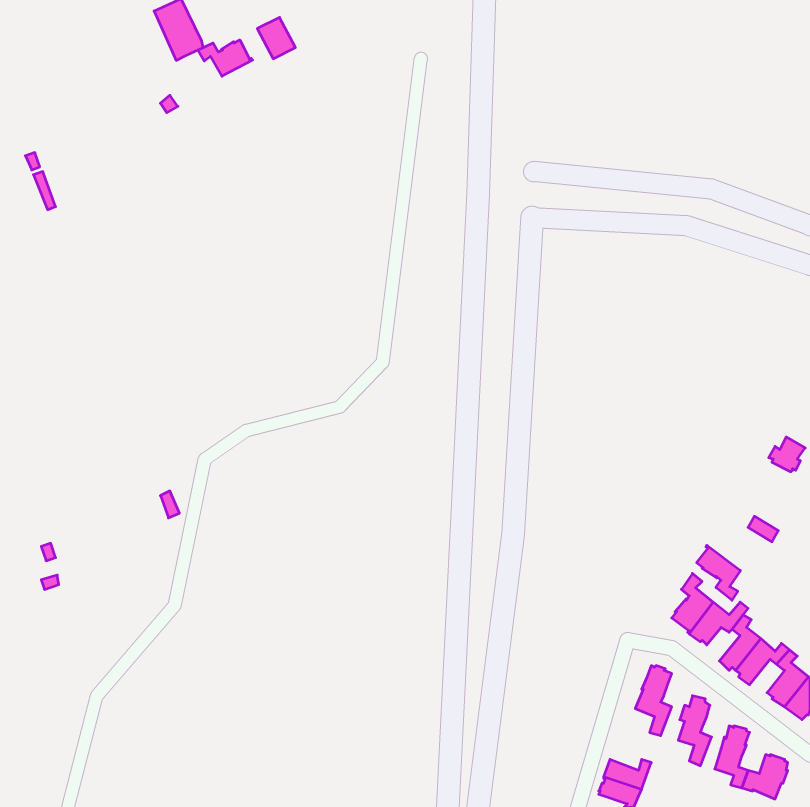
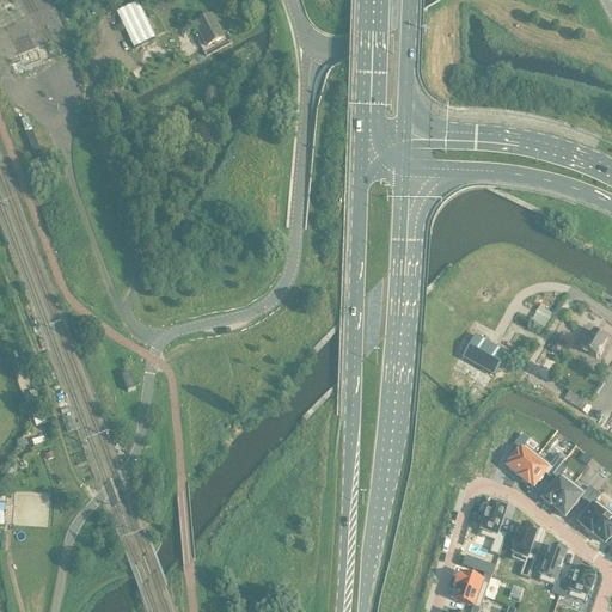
building: [198,40,253,76] -> none
building: none -> [463,333,500,373]
building: [697,545,740,600] -> none

